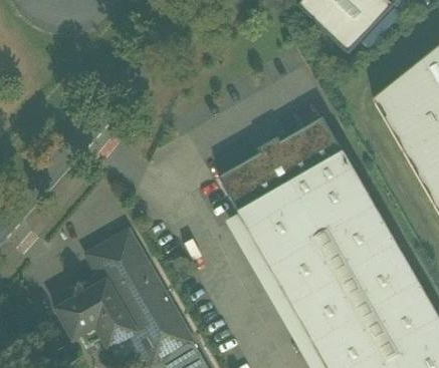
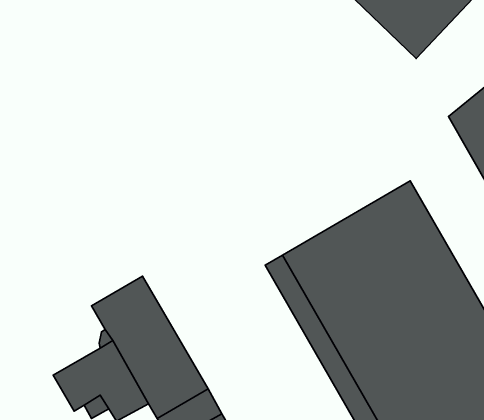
building: [220,116,344,212] -> none

